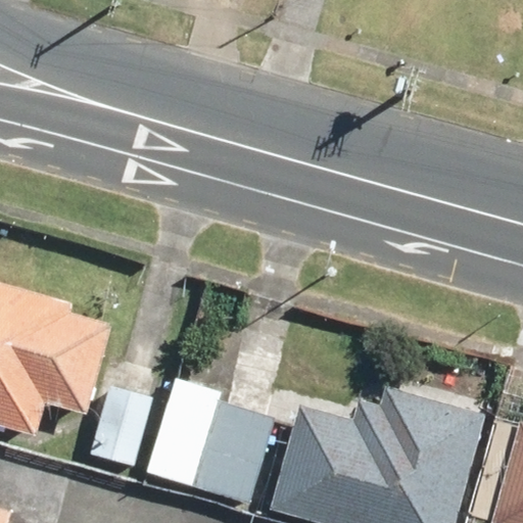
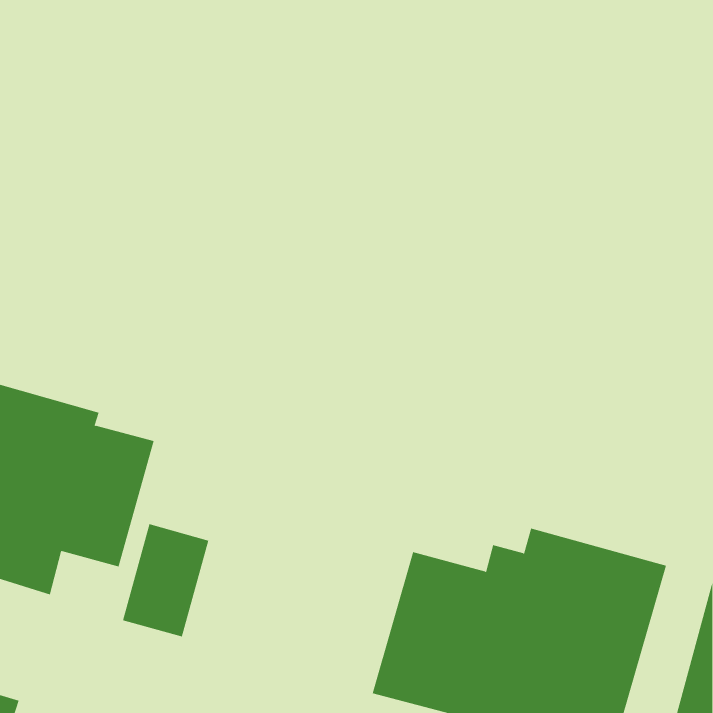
building: [145,377,275,503] -> none

